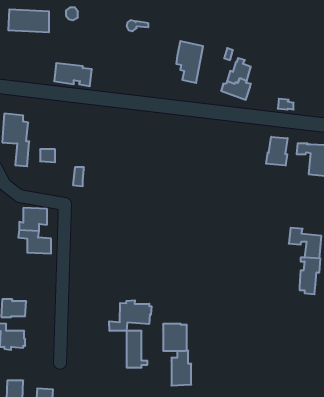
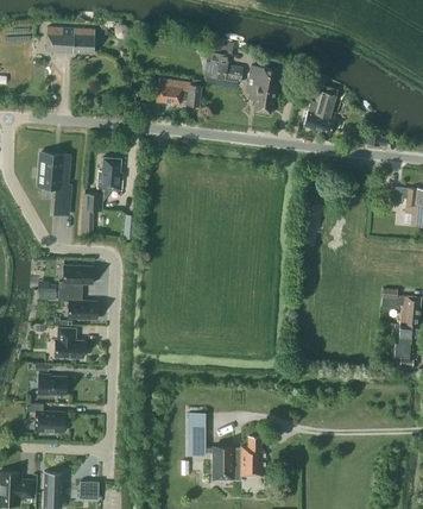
building: none -> [203,51,242,81]
building: [54,63,92,86] -> [156,78,201,106]
building: none -> [96,157,122,190]
building: [266,137,288,166] -> none
building: none -> [55,327,83,357]
building: [109,300,152,331] -> none
building: [163,324,187,351] -> [212,446,240,478]

